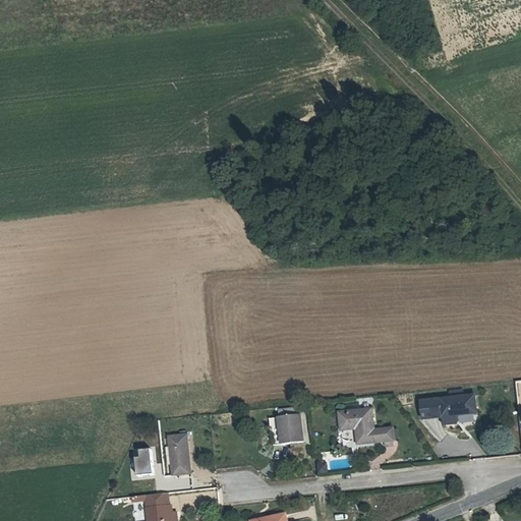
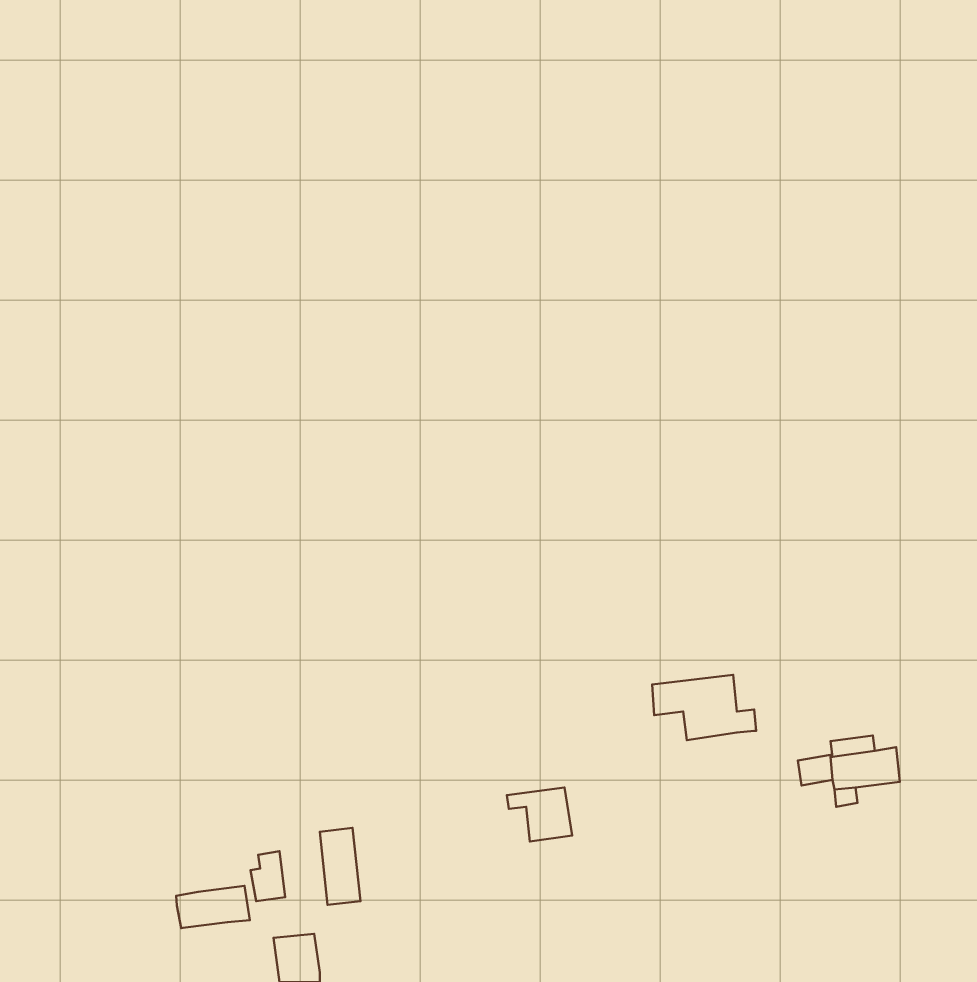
building: [338,409,393,444] -> [652,675,756,740]
building: none -> [176,886,250,928]

